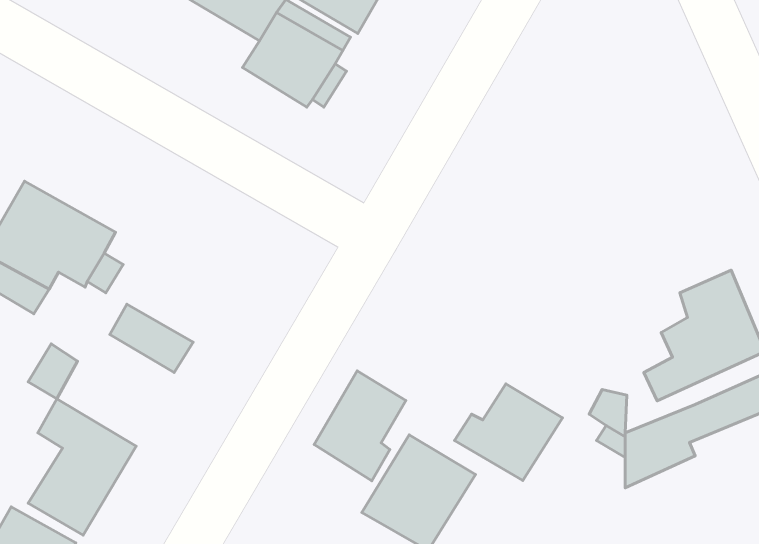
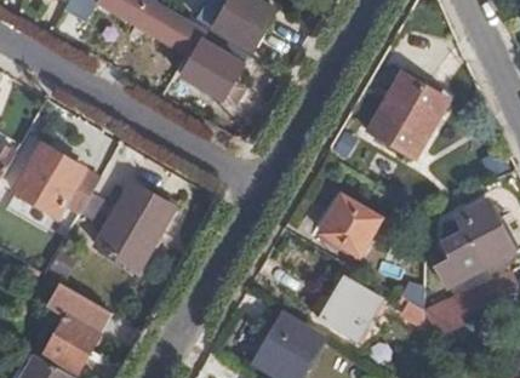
building: none -> [368,71,447,154]
building: none -> [105,181,173,248]
building: none -> [320,196,381,254]
building: [314,371,406,481] -> none

